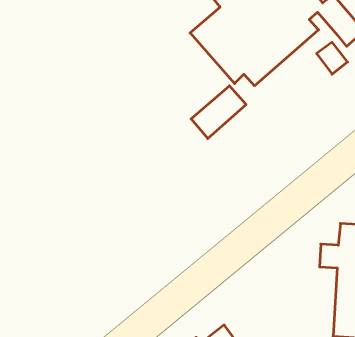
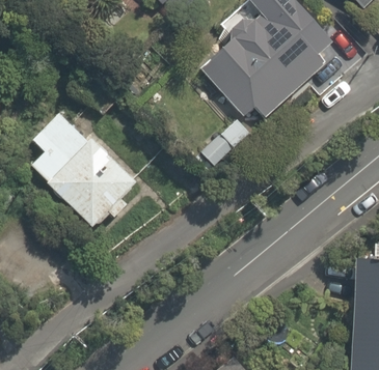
building: none -> [22,102,136,229]

